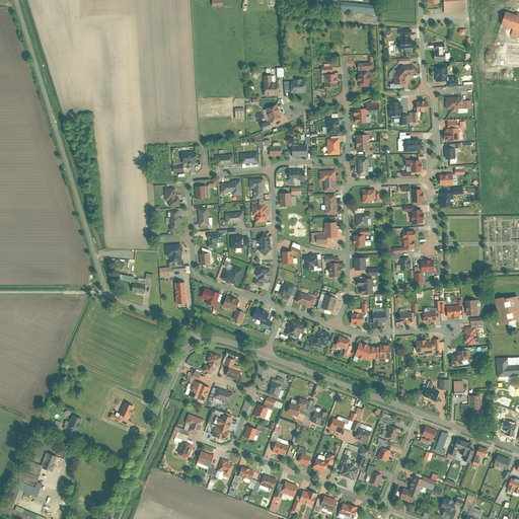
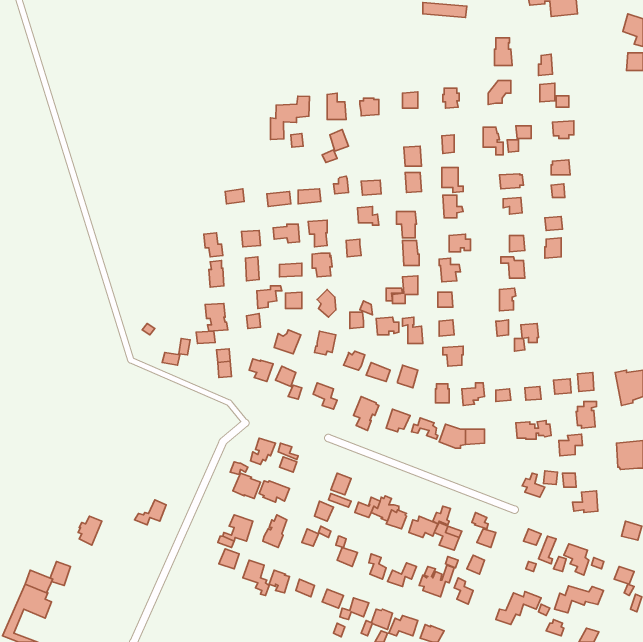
building: none -> [270,96,310,140]
building: none -> [555,586,603,613]

